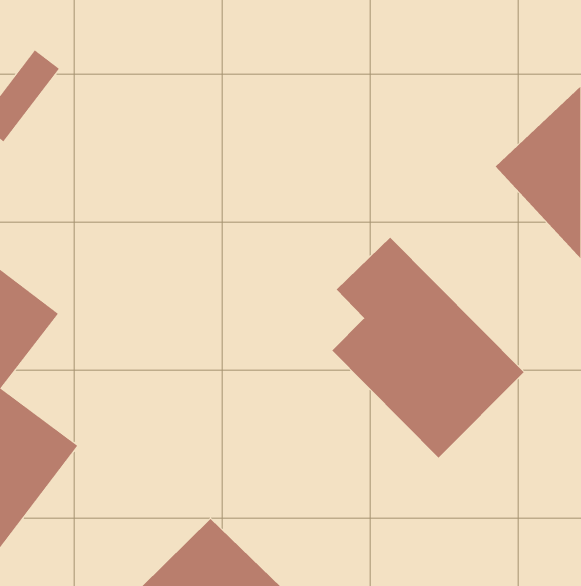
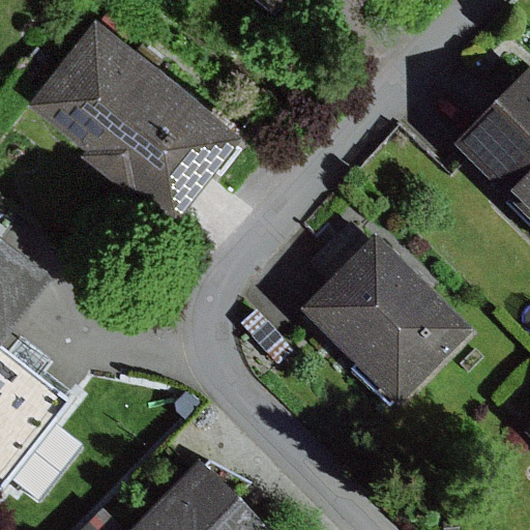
building: none -> [31,18,243,214]

